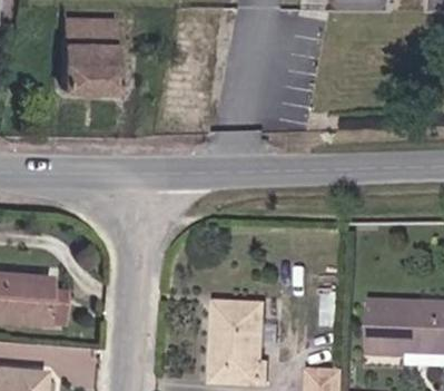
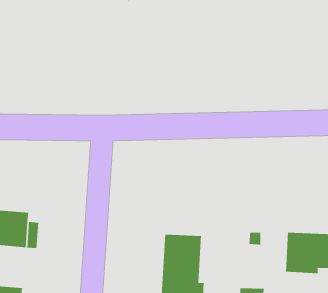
building: [60,18,114,88] -> none

